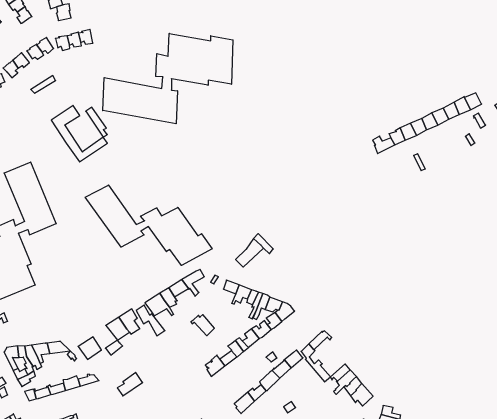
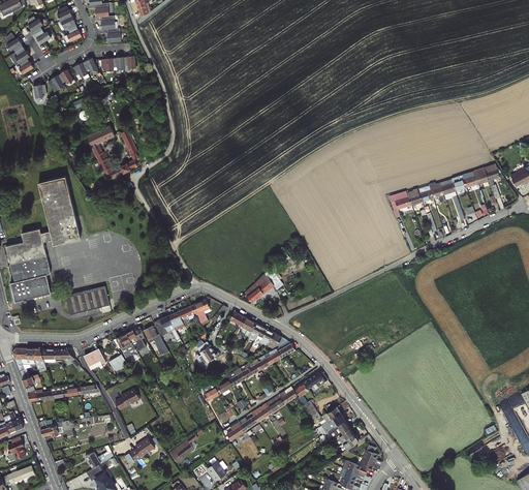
building: [103,33,233,124] -> none
building: [85,185,212,265] -> none
building: none -> [64,285,107,314]

